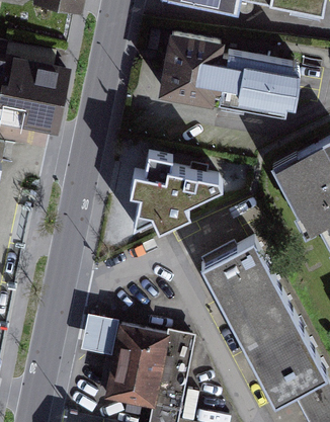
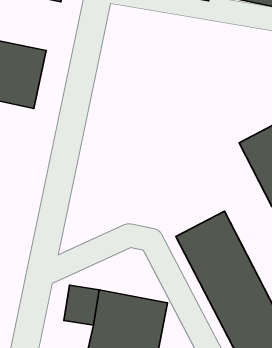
building: [163,32,302,112] -> none
building: [130,154,222,228] -> none

